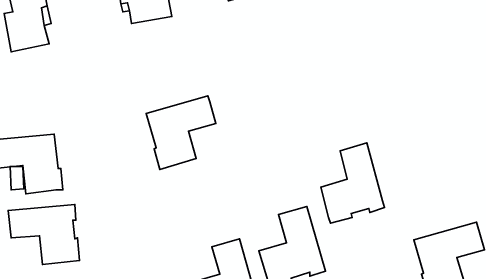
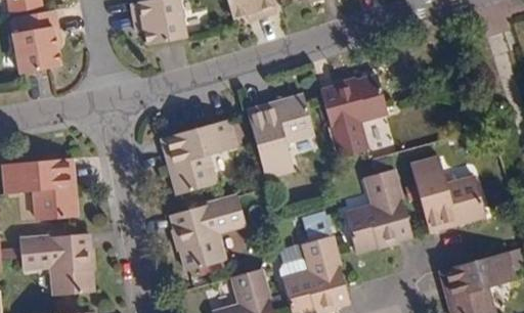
building: none -> [317,75,387,158]
building: none -> [247,95,313,179]
building: none -> [408,154,485,228]
building: none -> [169,196,244,272]

